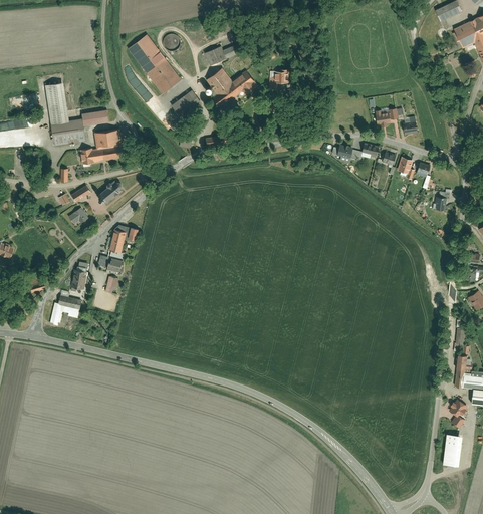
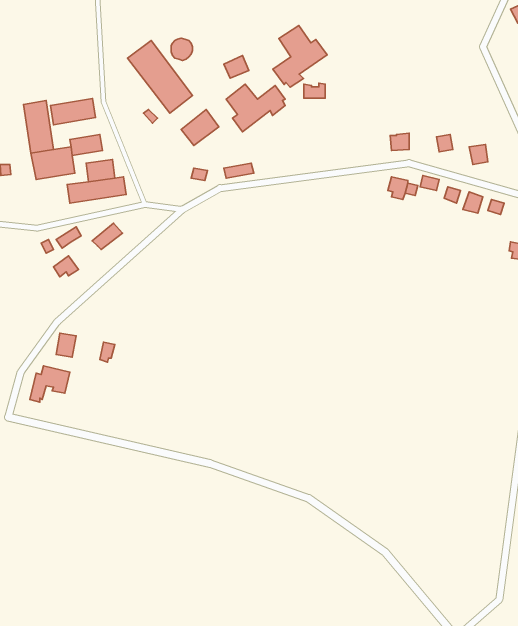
building: none -> [273,26,327,87]
building: none -> [50,99,96,125]
building: [98,224,138,271] -> none

